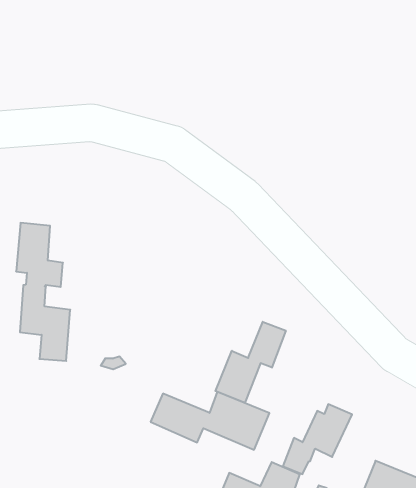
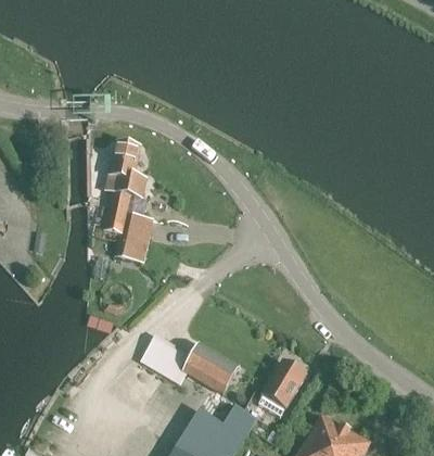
building: [16,223,70,361] -> [103,141,146,258]
building: [215,322,286,403] -> none

